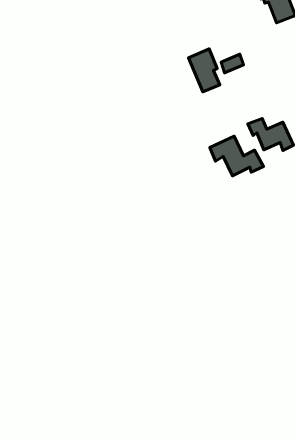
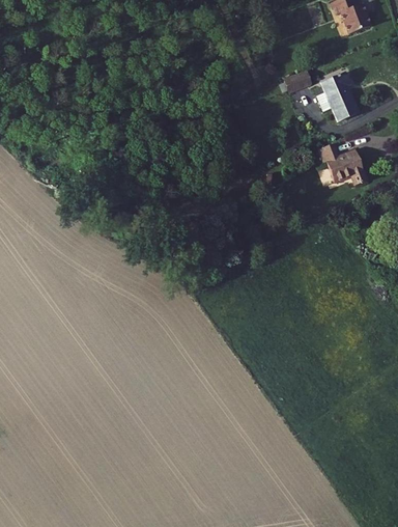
building: [188,49,220,92] -> [320,72,357,121]
building: [210,136,263,176] -> none

